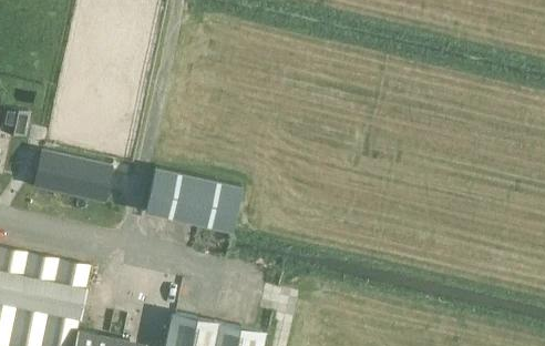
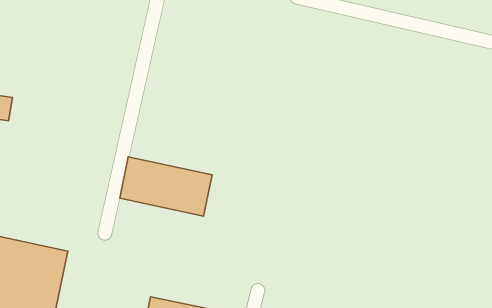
building: [33,152,112,203] -> none

